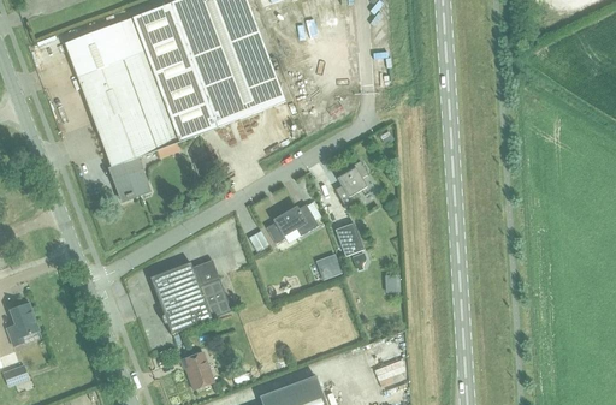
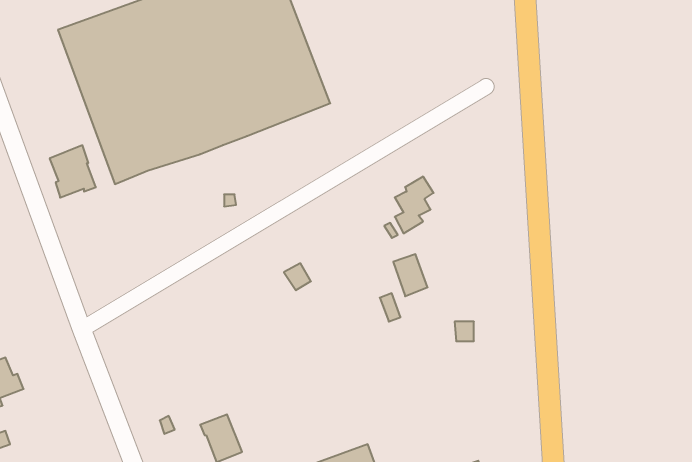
building: [112,155,149,197] -> [50,145,96,198]
building: [266,203,318,243] -> none
building: [149,258,231,333] -> none

